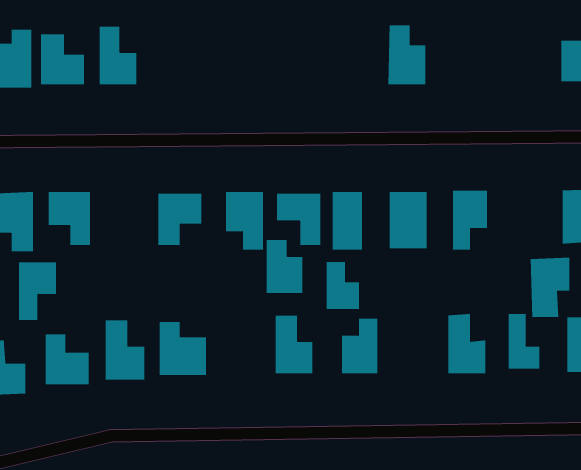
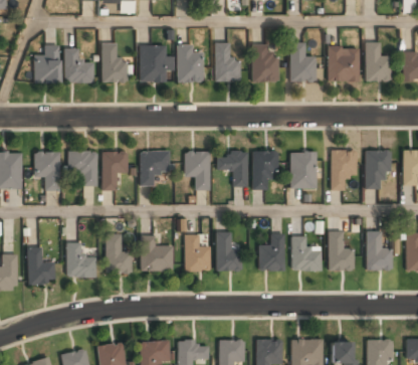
building: none -> [365,42,390,81]
building: none -> [215,43,239,81]
building: none -> [140,45,173,81]
building: none -> [177,45,202,81]
building: none -> [251,45,276,81]
building: none -> [328,47,358,81]
building: [266,239,303,293] -> [185,234,209,269]
building: [530,257,570,318] -> [365,149,391,188]
building: [326,262,360,310] -> [292,235,315,266]
building: [18,262,57,321] -> [102,152,128,190]

